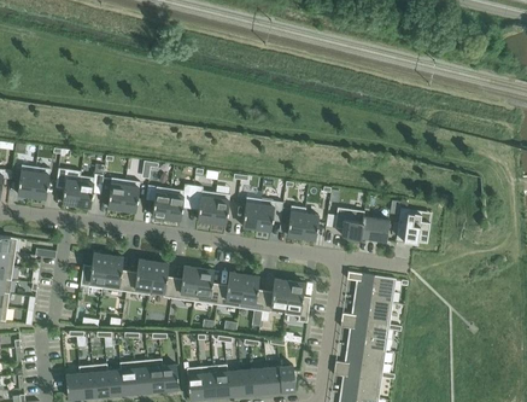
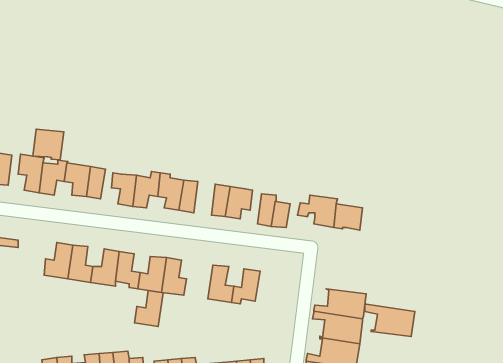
building: none -> [33,129,64,160]
building: [396,212,428,243] -> none
building: [346,272,394,303] -> [365,304,415,336]
building: [215,273,242,308] -> [134,290,163,327]
building: [283,281,309,322] -> none

